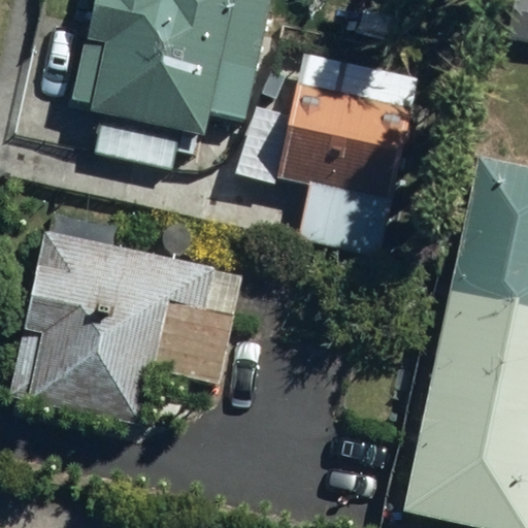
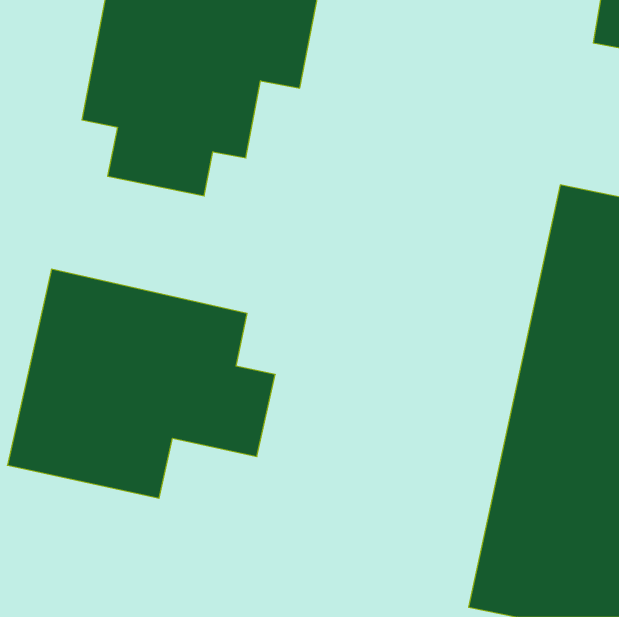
building: [279,85,409,254] -> none

